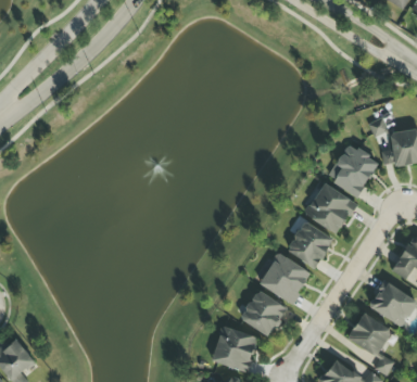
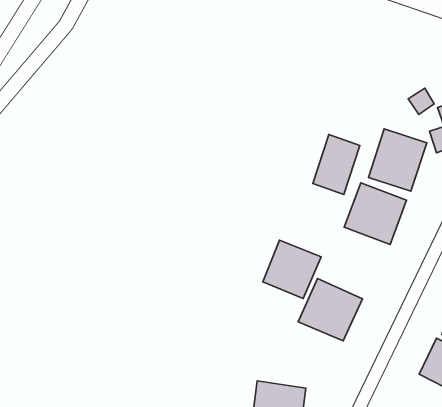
building: none -> [313,135,360,195]
building: [287,220,334,268] -> [263,240,321,299]
building: [240,290,288,338] -> none

